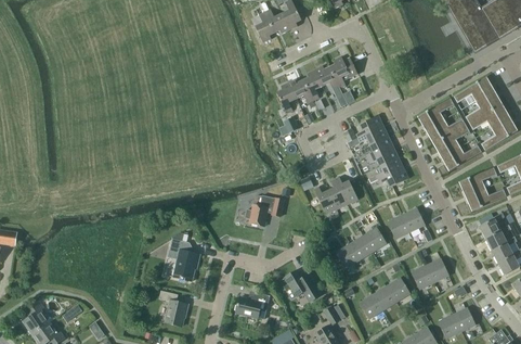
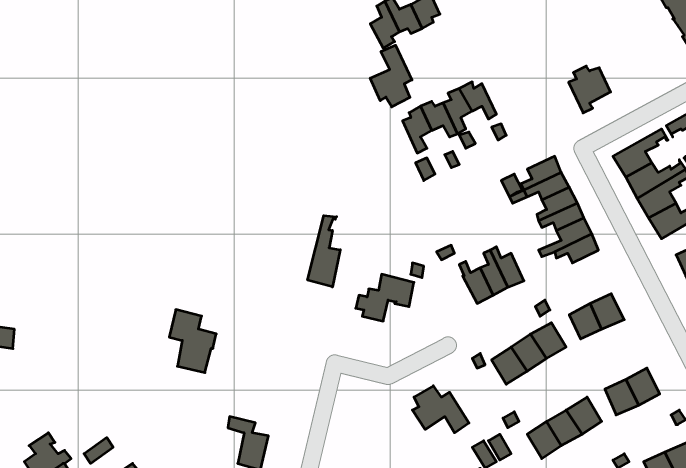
building: none -> [370,45,412,107]
building: [329,56,357,88] -> [569,66,611,113]
building: none -> [308,216,340,287]
building: [168,239,199,281] -> [169,310,216,373]
building: [235,292,270,318] -> none

